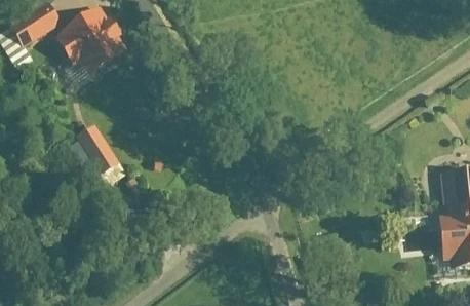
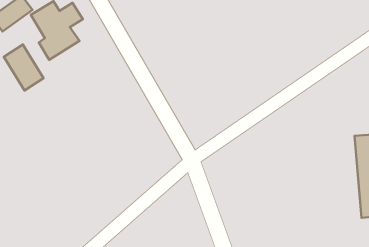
building: [75,125,122,180] -> [4,45,44,90]

